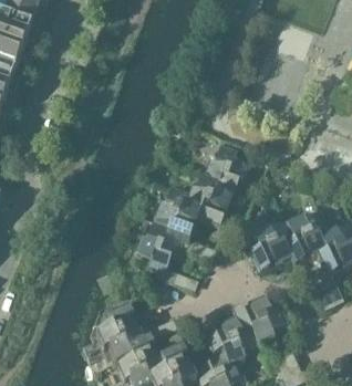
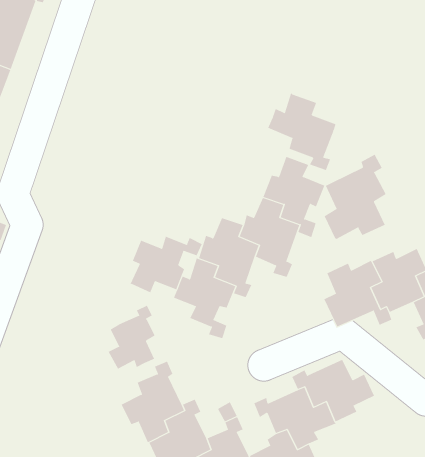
building: none -> [268,92,336,171]
building: none -> [324,154,387,240]
building: none -> [129,236,202,293]
building: none -> [108,305,156,369]

